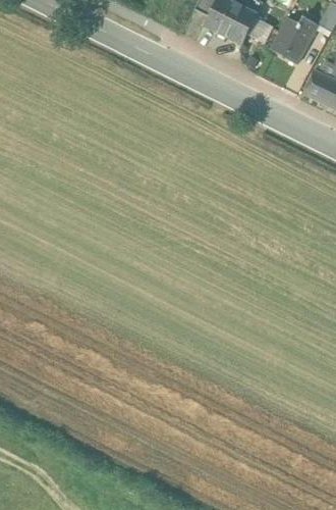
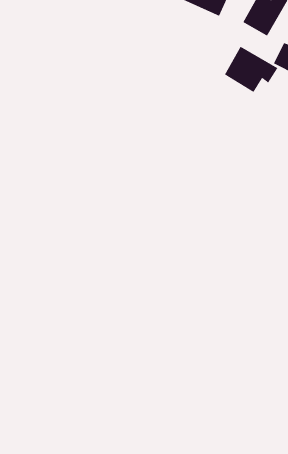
building: none -> [224,46,278,93]

